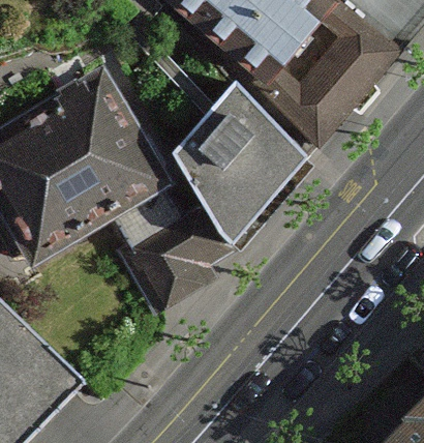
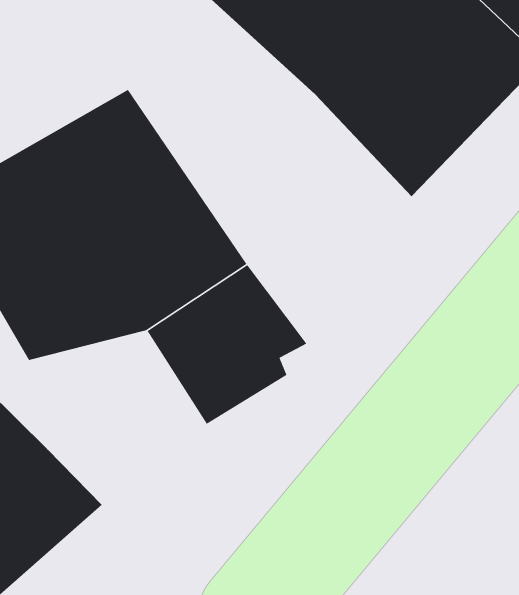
building: [173,73,309,255] -> none

